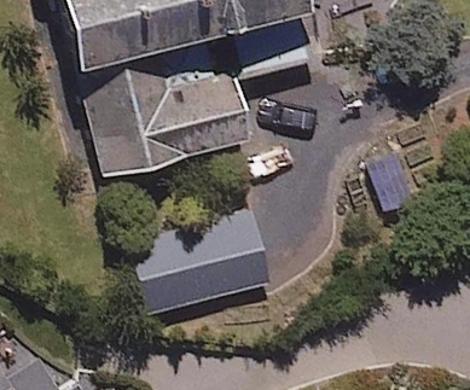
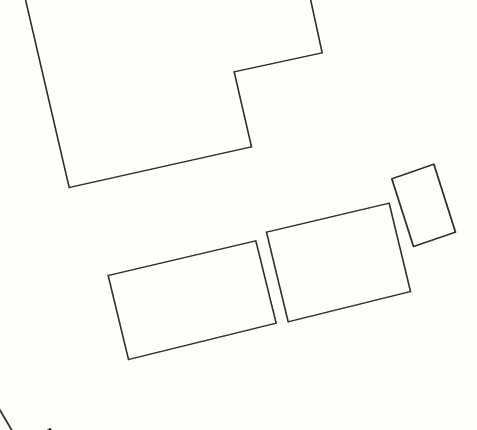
building: none -> [267,203,410,322]

